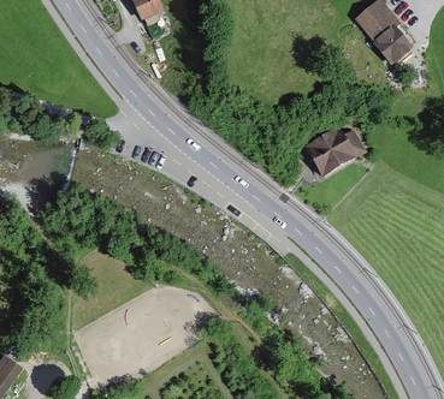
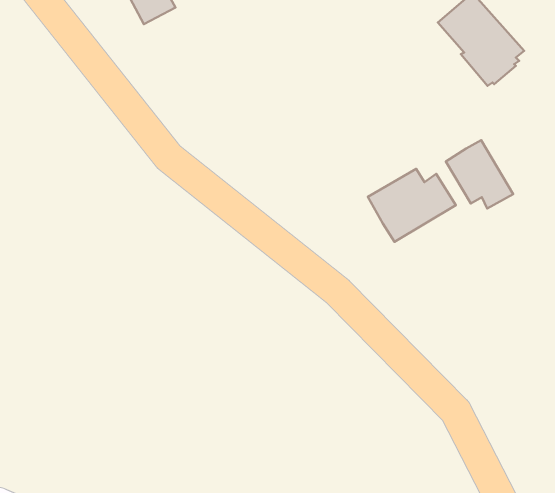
building: none -> [446,140,513,209]

